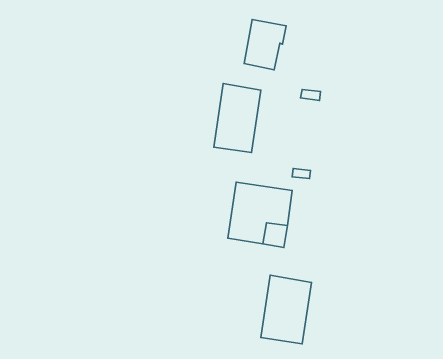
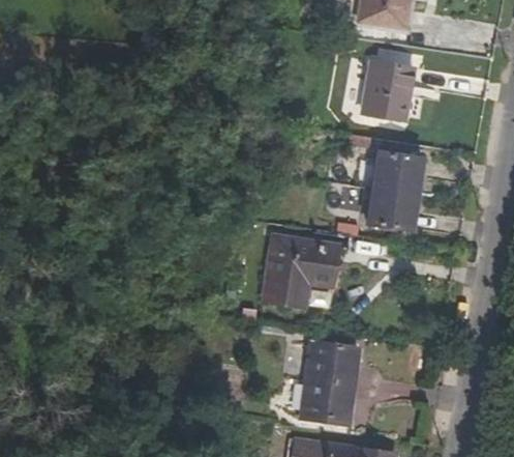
building: [244,19,286,70] -> [367,60,415,117]
building: [214,84,261,153] -> [369,148,422,226]

